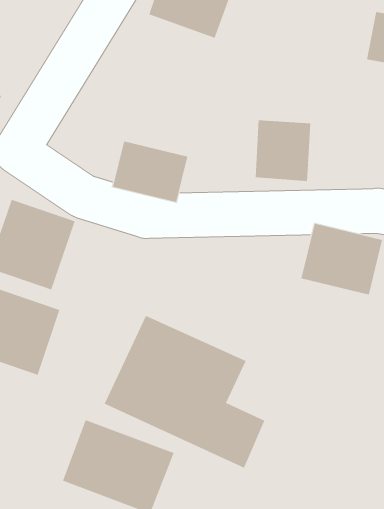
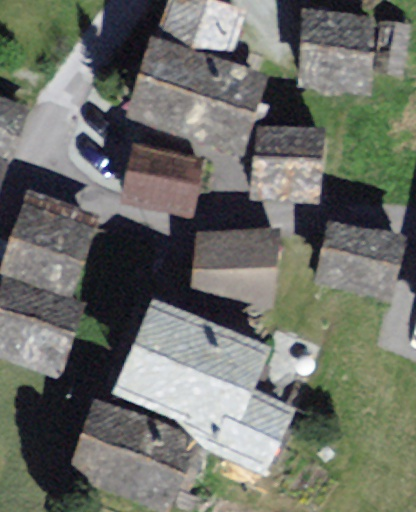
building: none -> [297,15,364,82]
building: none -> [134,39,261,144]
building: none -> [193,235,273,302]

